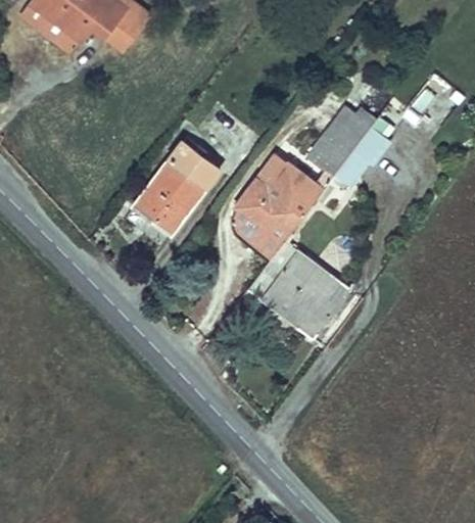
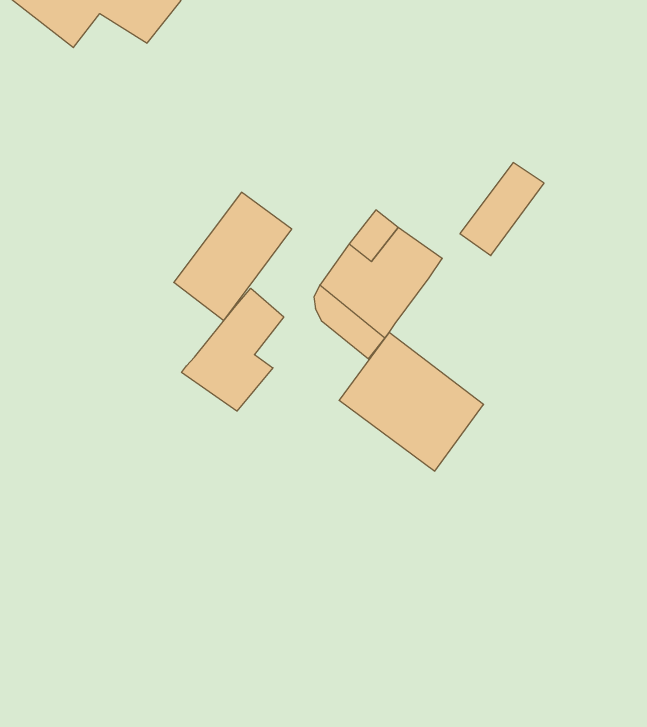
building: [310,106,377,175] -> none
building: none -> [182,288,284,411]

